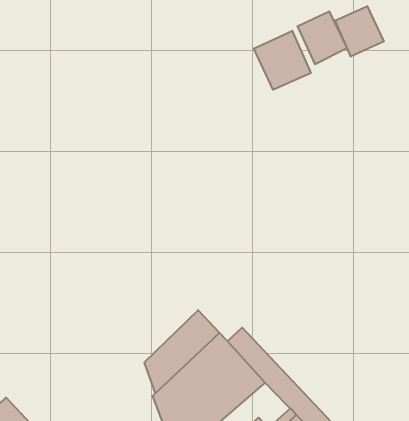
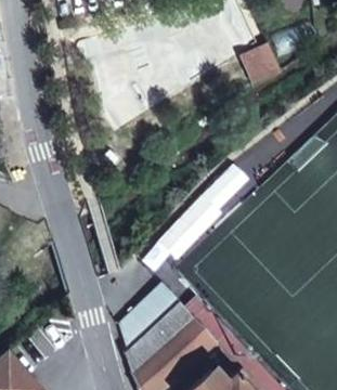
building: [335,6,384,57] -> none
building: [254,31,311,90] -> none

